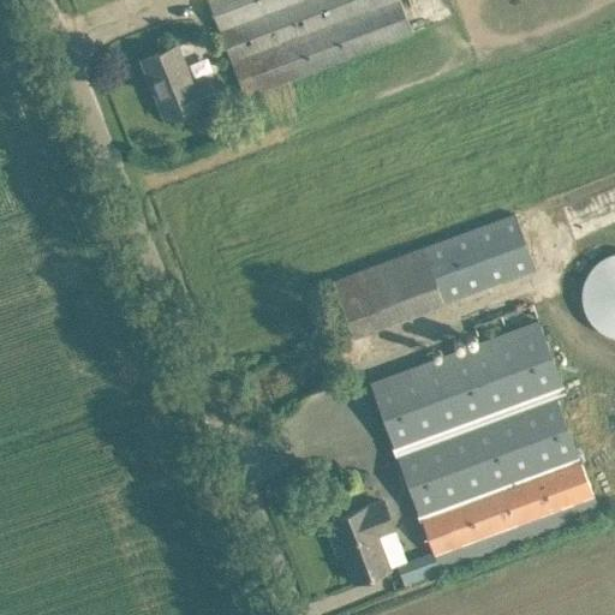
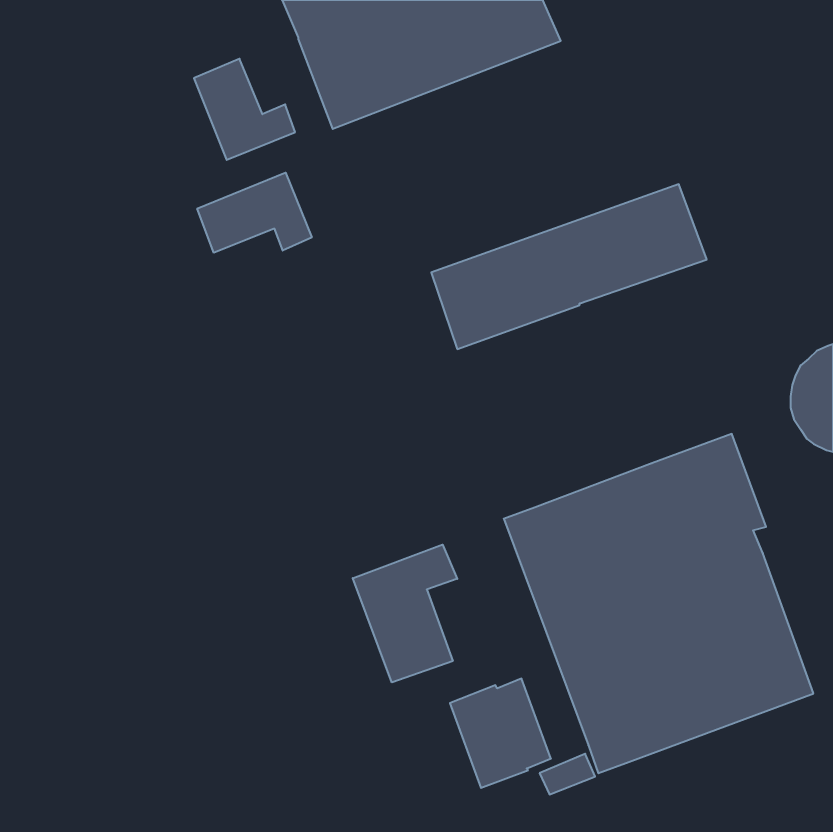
building: none -> [197,173,312,253]
building: [333,215,536,336] -> [431,184,707,349]
building: none -> [353,545,457,682]

